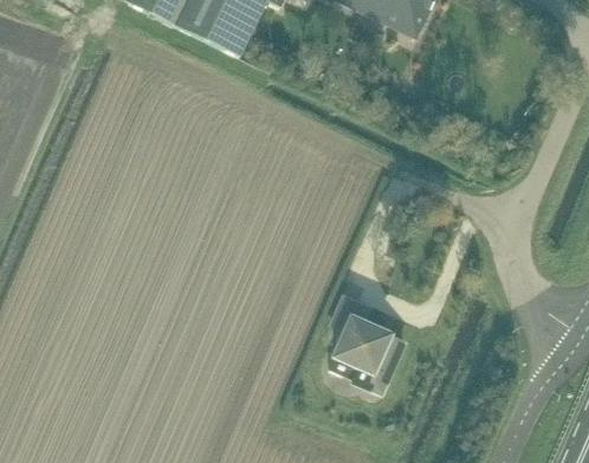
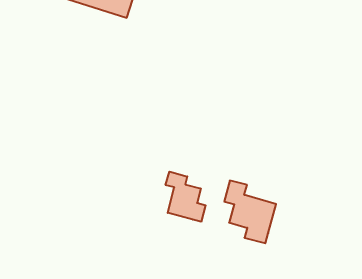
building: none -> [166,172,206,222]

